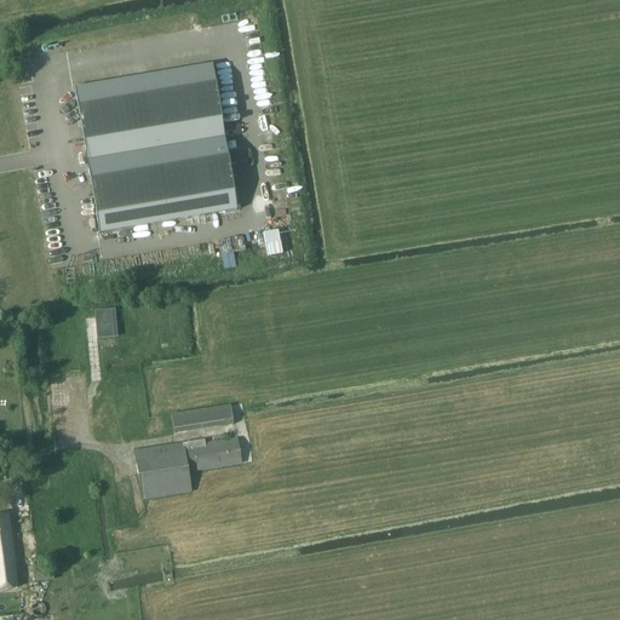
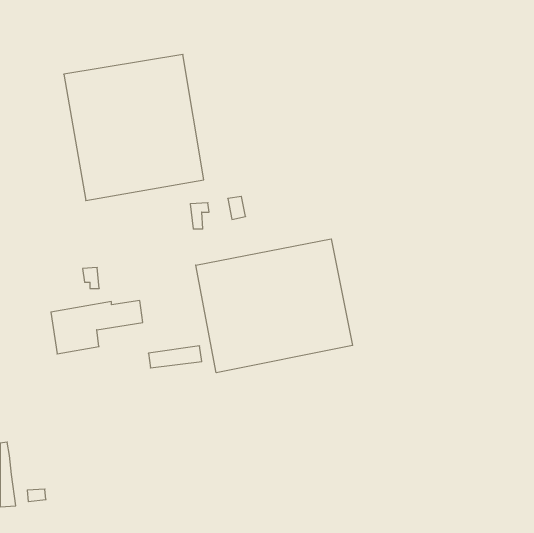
building: none -> [196,239,353,373]
building: [134,437,241,499] -> [51,301,143,354]

